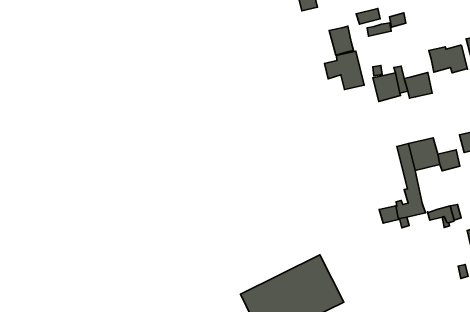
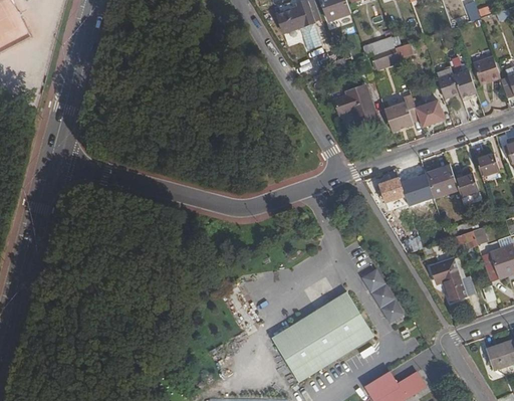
building: [329,26,353,55] -> none
building: none -> [379,178,405,202]
building: none -> [432,258,467,300]
building: none -> [363,269,404,322]

